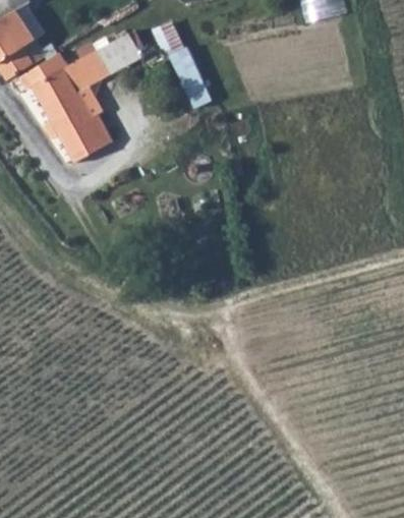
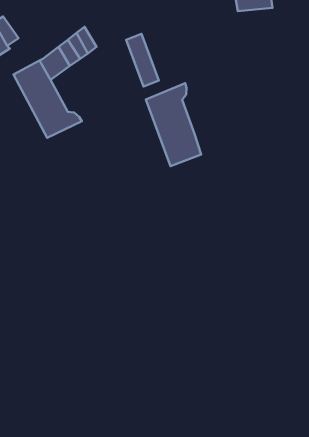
building: [25,47,69,88] -> none
building: none -> [146,83,201,166]

